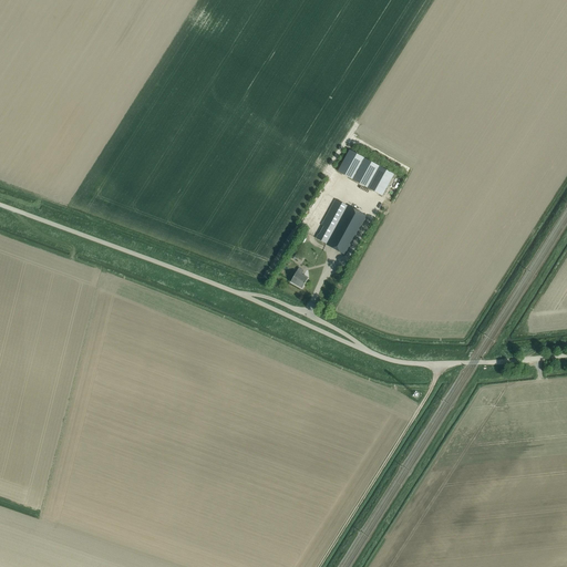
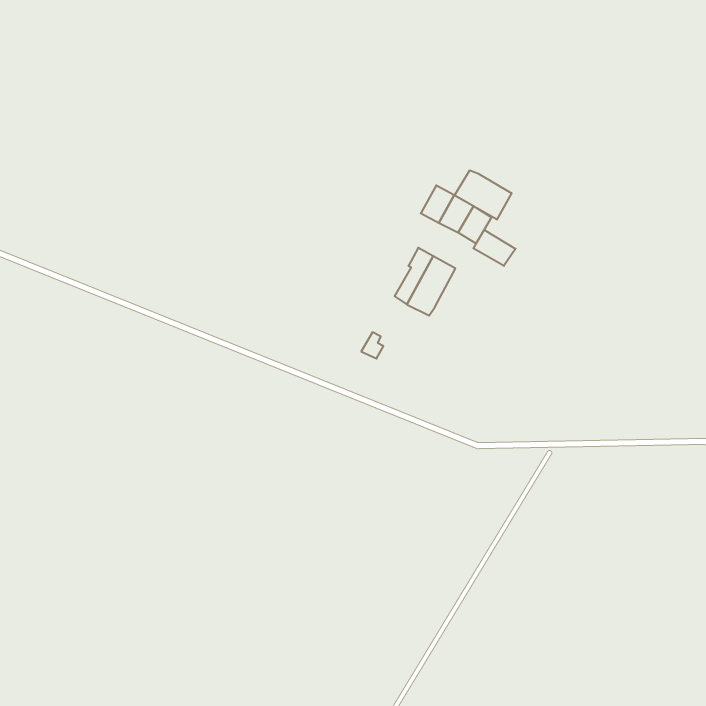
building: none -> [455,170,512,220]
building: none -> [473,230,516,266]

